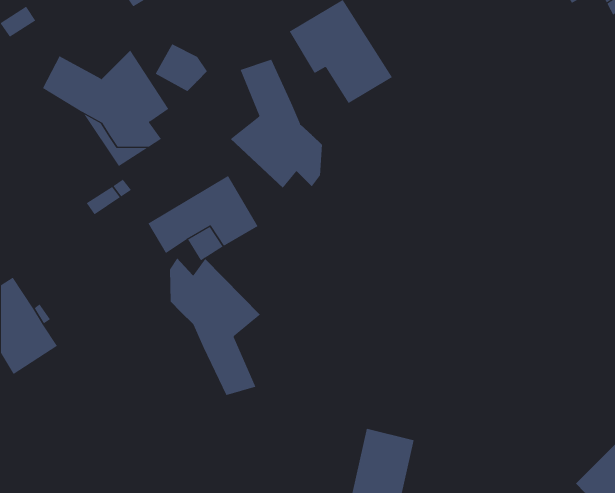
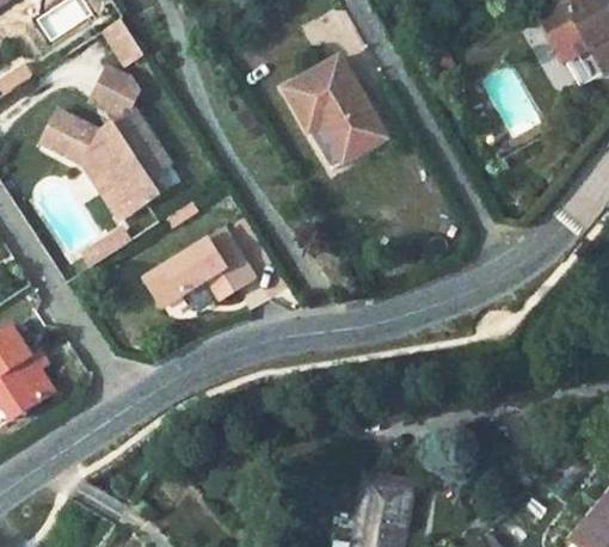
building: [155,43,208,92] -> [87,66,140,113]
building: [230,59,322,188] -> none
building: [170,258,261,396] -> none

